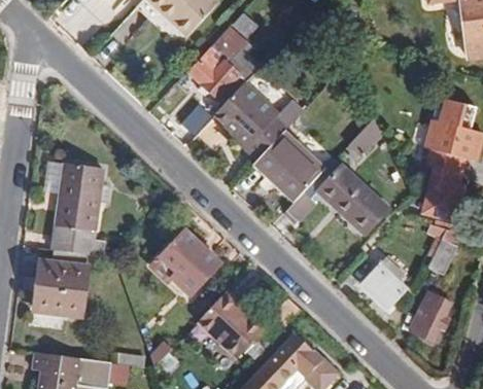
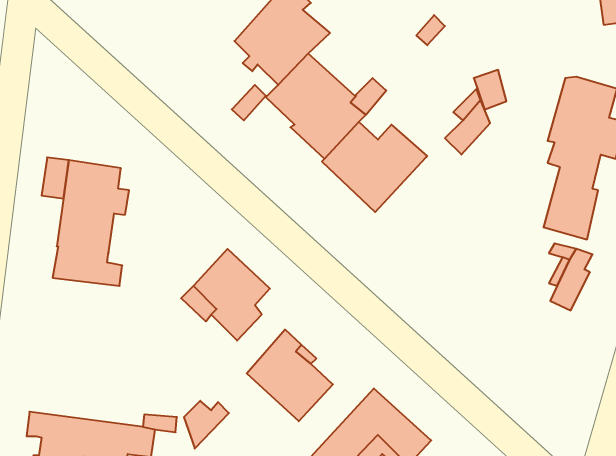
building: [282,160,386,233] -> none
building: [33,250,88,318] -> none
building: [360,274,408,309] -> none
building: [407,291,452,343] -> none

